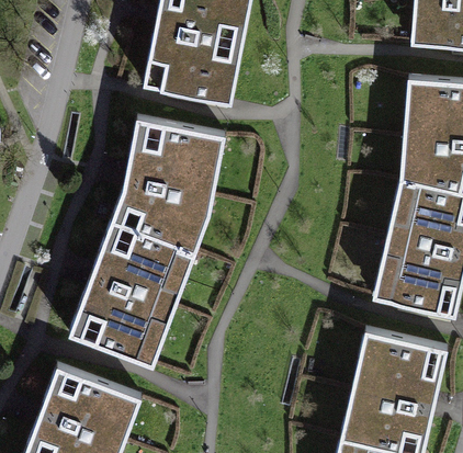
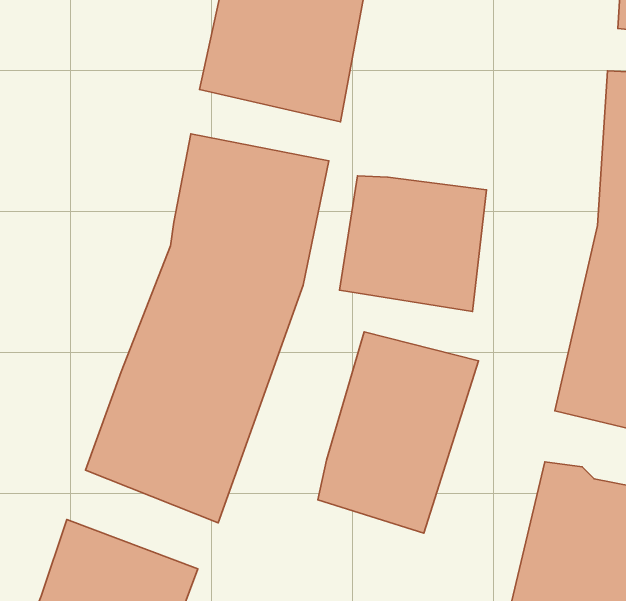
building: none -> [340,176,487,312]
building: none -> [318,332,479,533]

